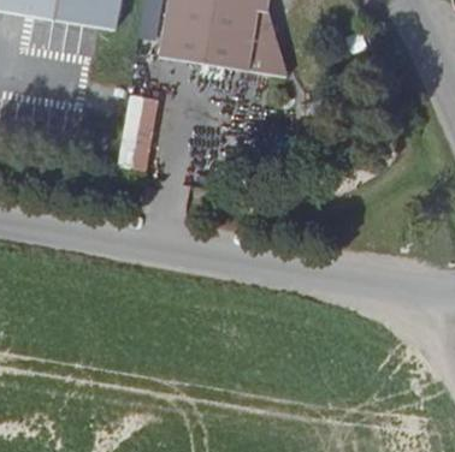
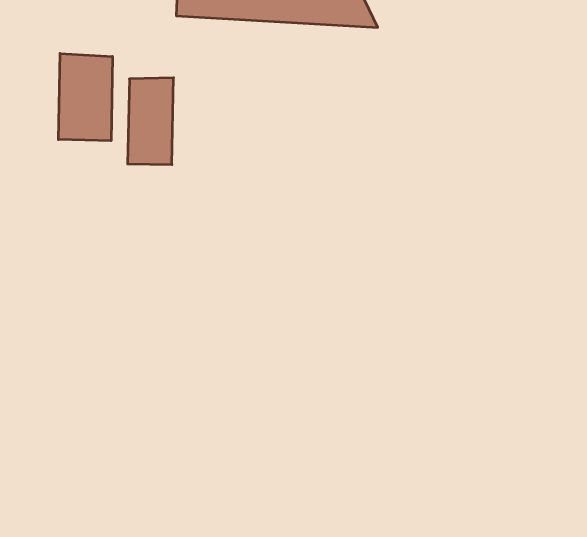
building: none -> [58,53,112,141]

